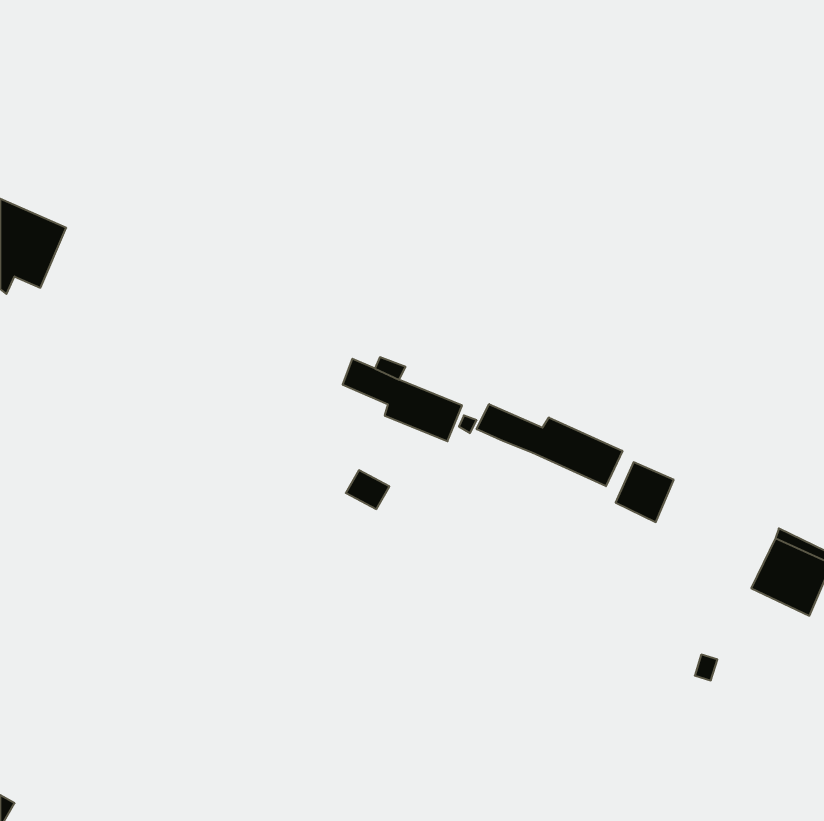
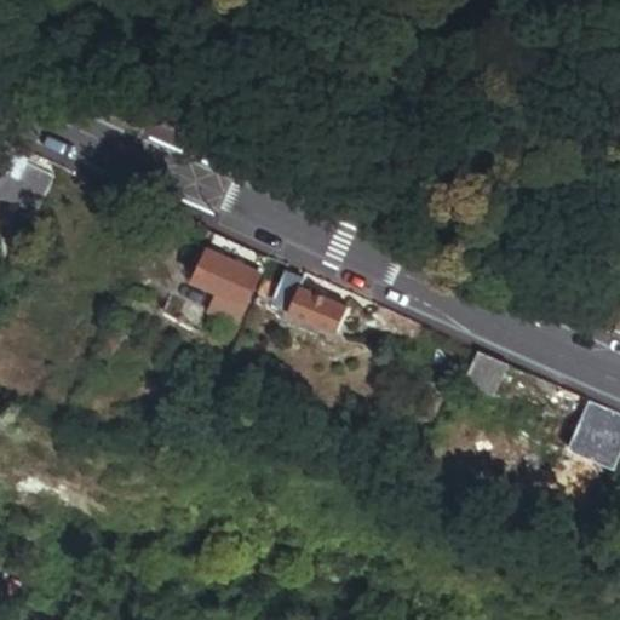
building: none -> [194,253,258,326]
building: [477,404,622,486] -> none

